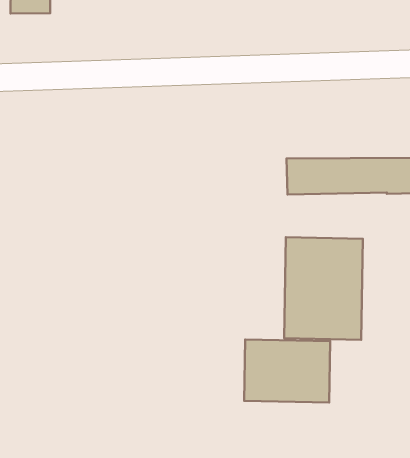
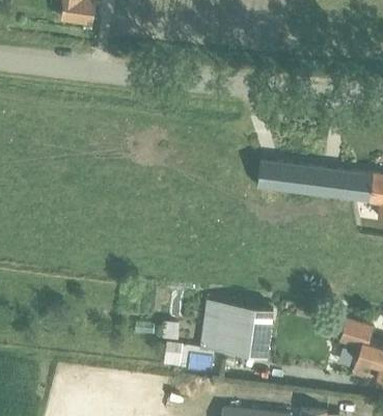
building: [284,237,363,340] -> none

